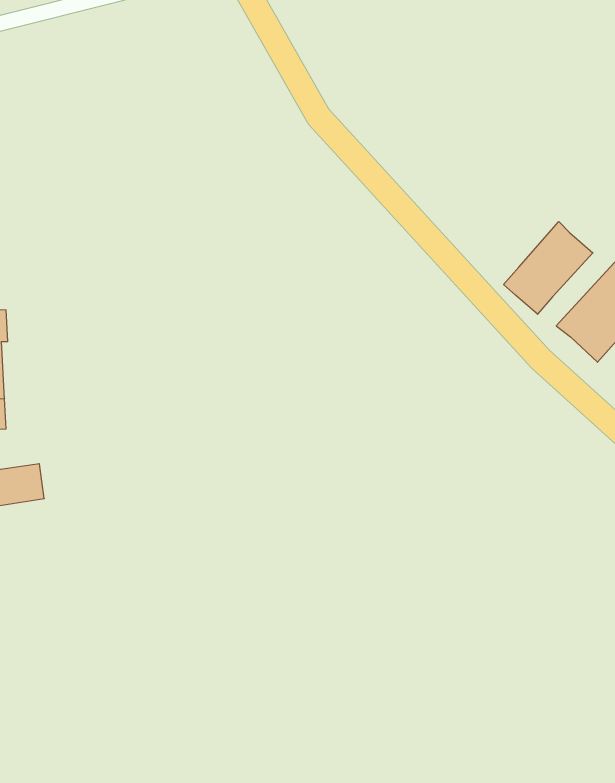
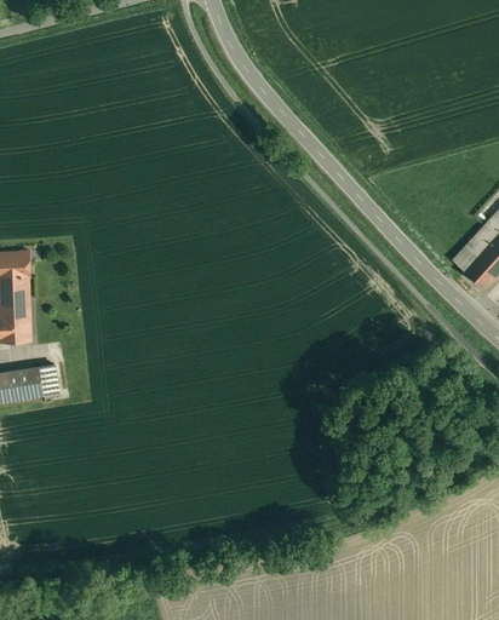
building: [504,222,593,314] -> none

